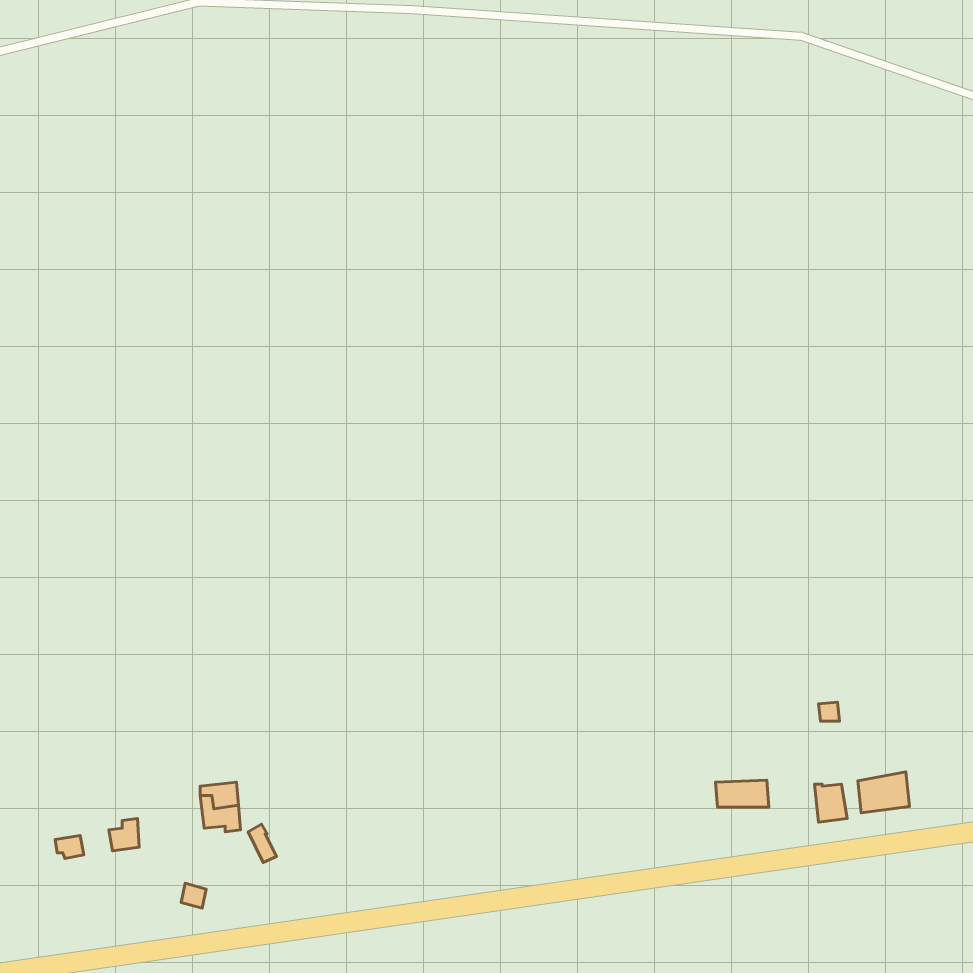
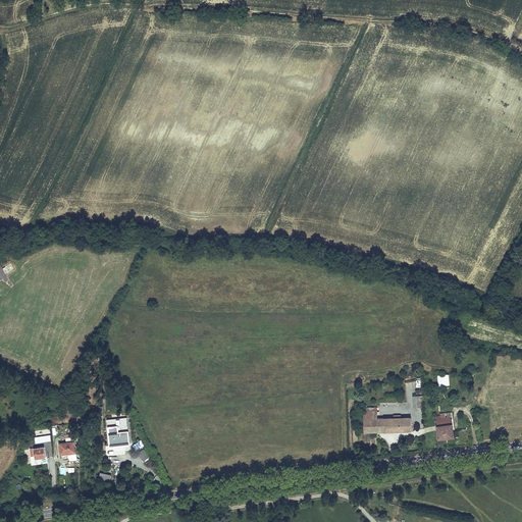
building: none -> [362,408,383,433]
building: [858,772,909,813] -> none

